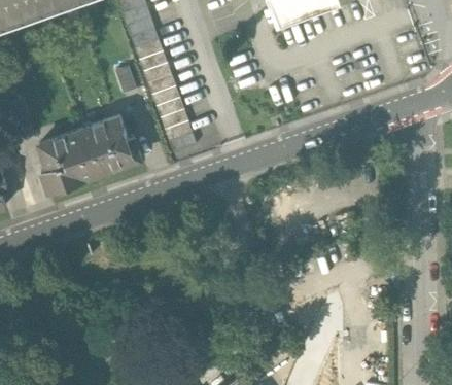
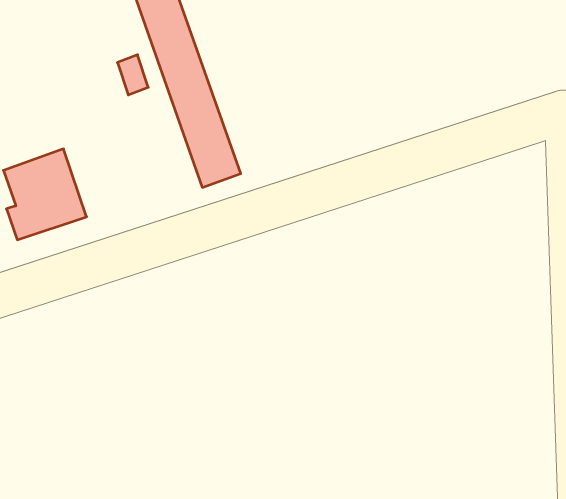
building: [78,114,140,174] -> none

